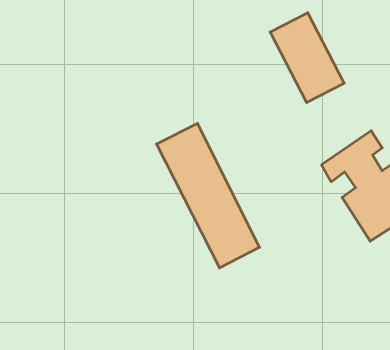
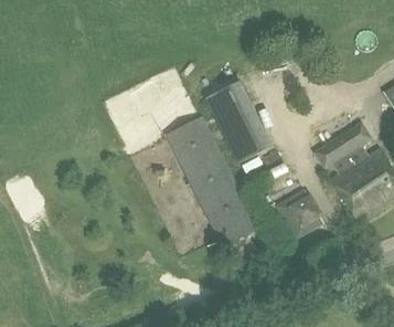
building: [270,13,344,103] -> [204,81,271,162]
building: none -> [276,189,322,238]

